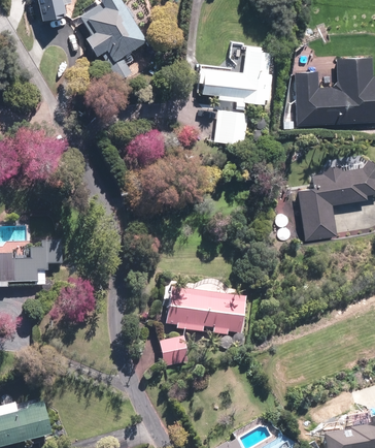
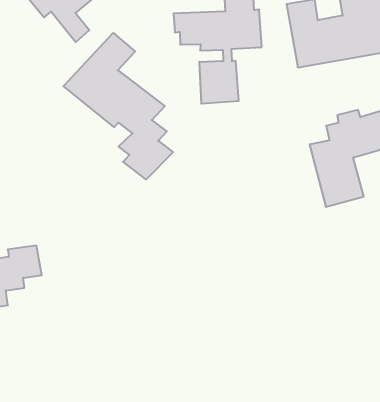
building: none -> [63,33,173,179]
building: [166,291,245,334] -> none
building: [160,337,189,366] -> none

